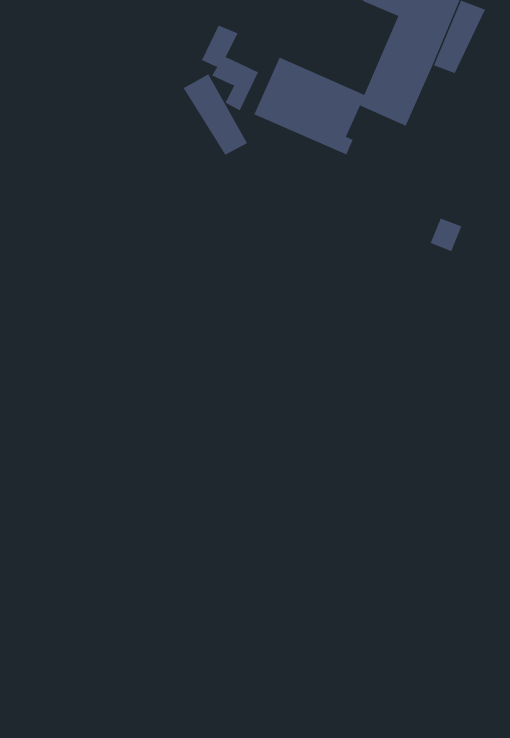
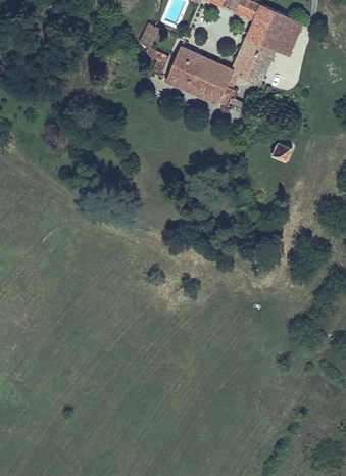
building: [183,74,248,155] -> none

